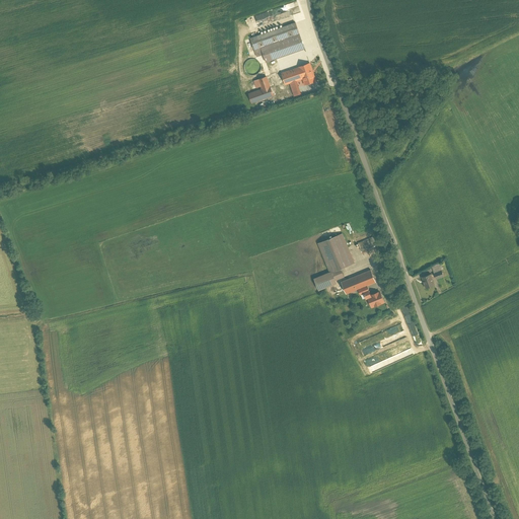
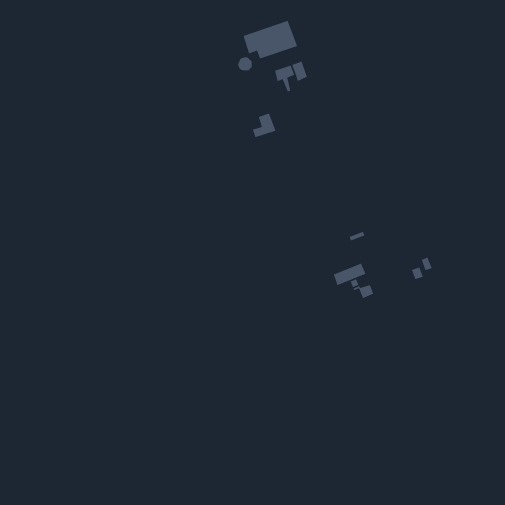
building: [247,76,273,102] -> [252,112,277,138]
building: [313,235,354,289] -> none

